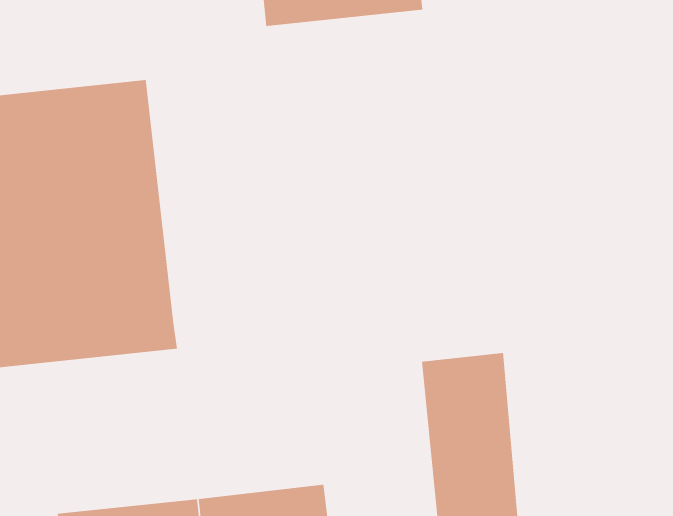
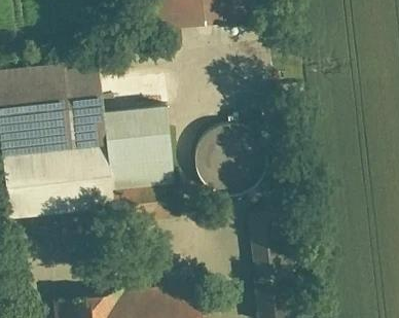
building: none -> [102,102,174,191]
building: none -> [203,126,263,184]

